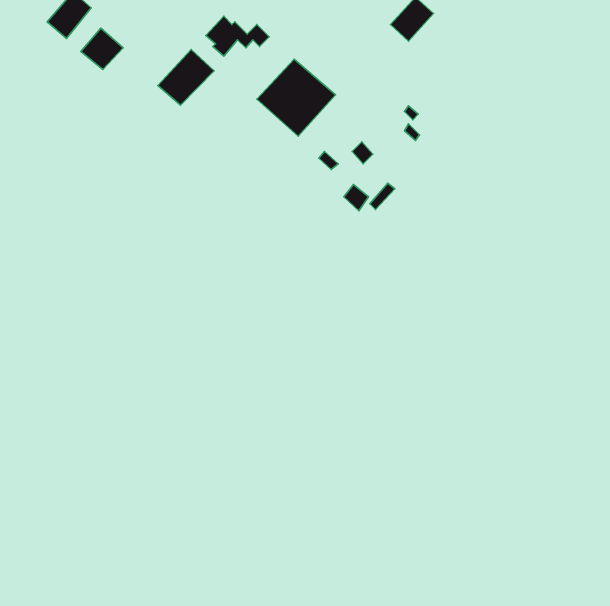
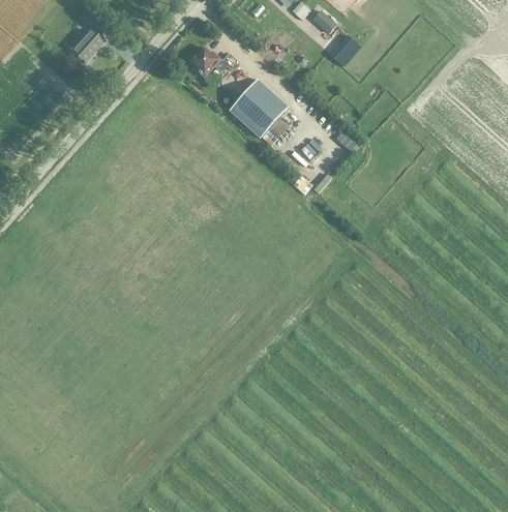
building: [81,28,123,70] -> none
building: [158,50,214,105] -> none

